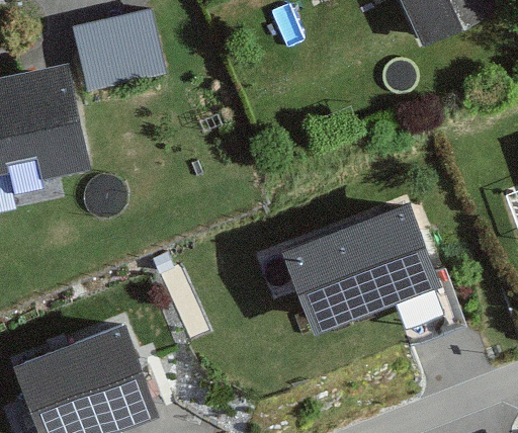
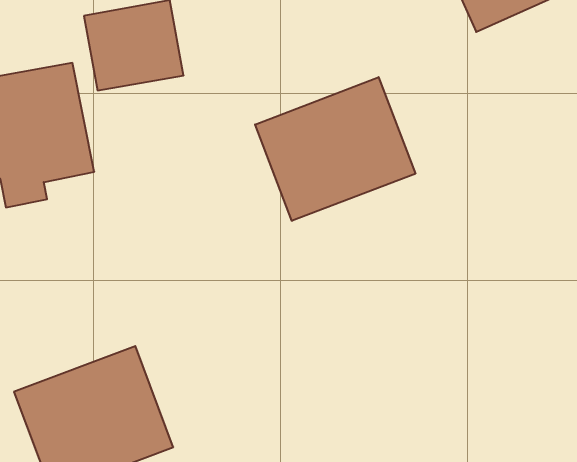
building: none -> [255,77,415,221]
building: [280,209,438,343] -> none

